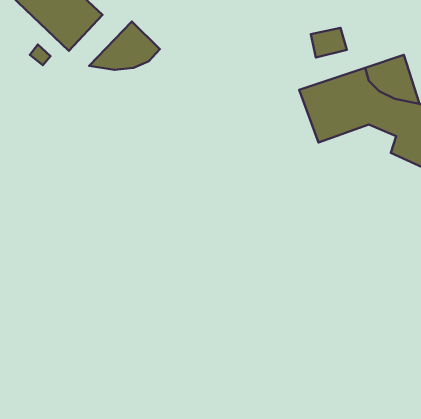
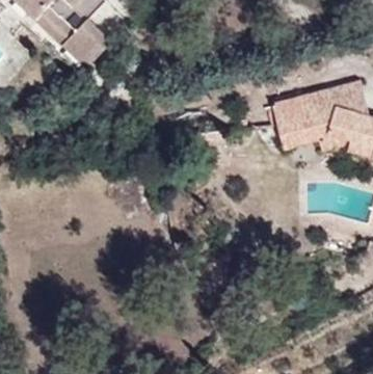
building: [89,21,160,70] -> none

